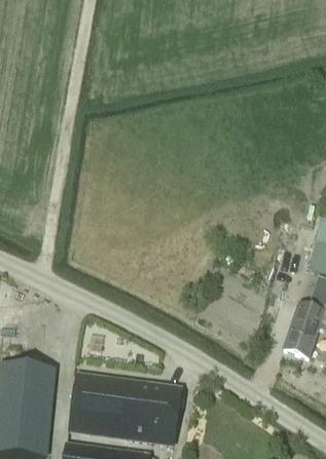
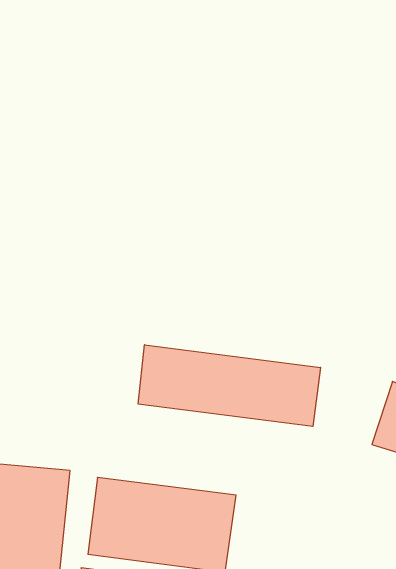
building: none -> [138,345,321,426]

